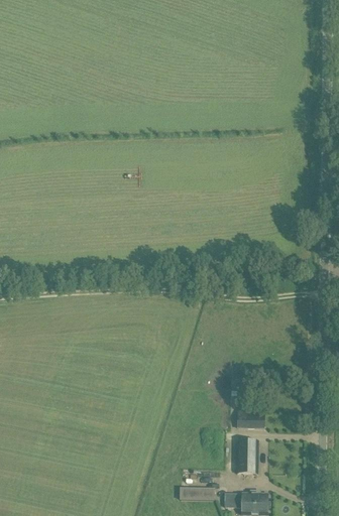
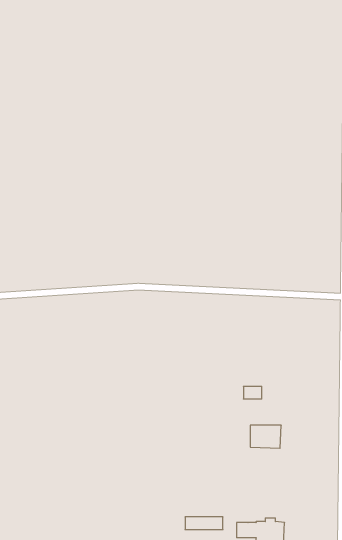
building: [236,438,258,472] -> none

